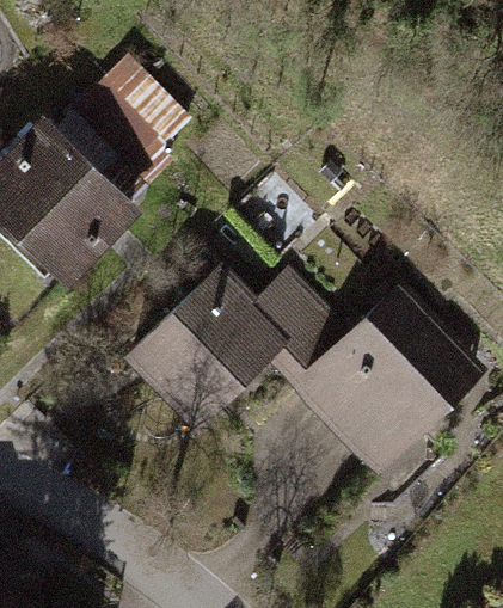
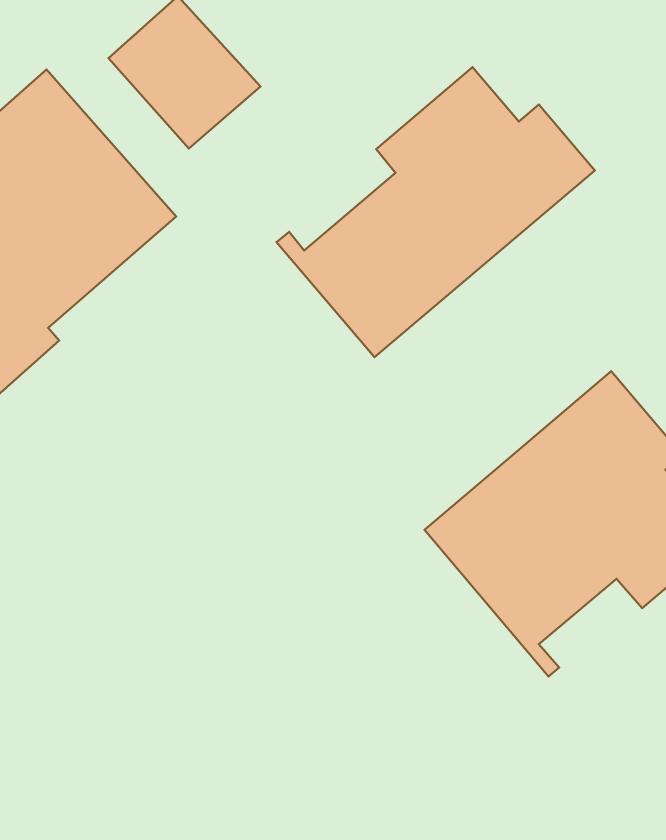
building: none -> [276,67,595,357]
building: [135,268,350,416] -> none

